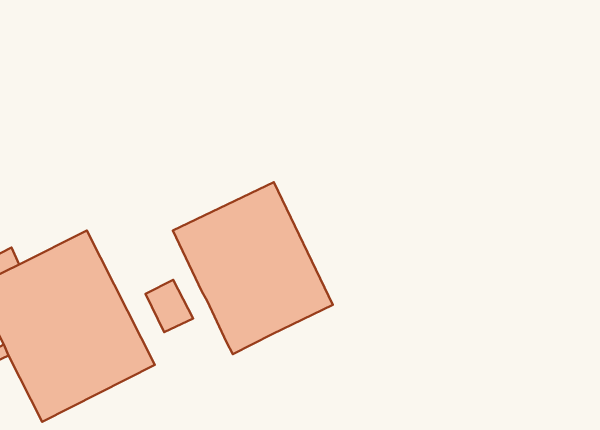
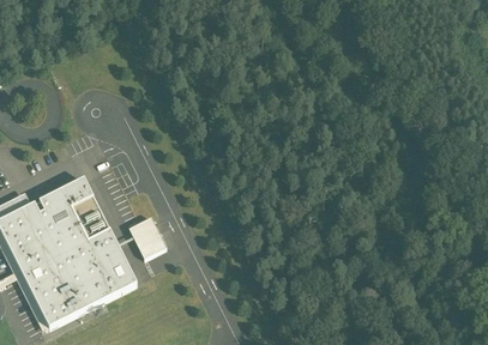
building: [173,182,333,354] -> none

